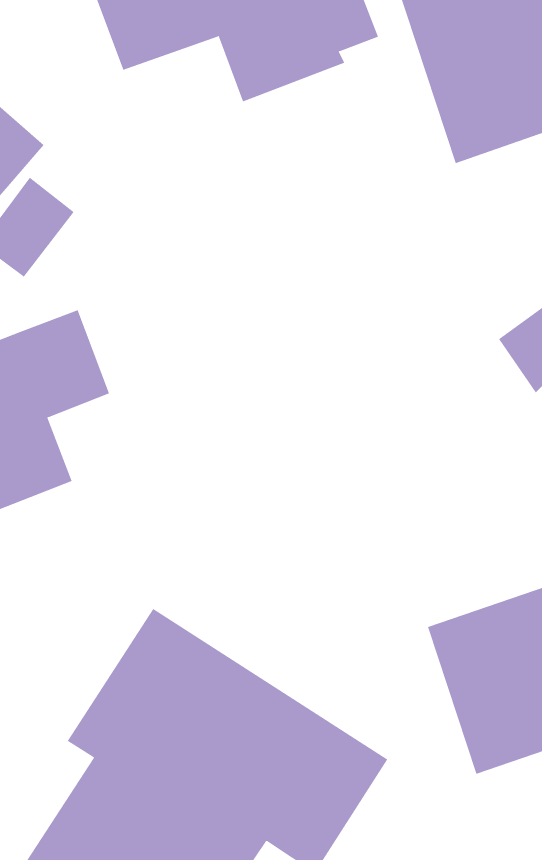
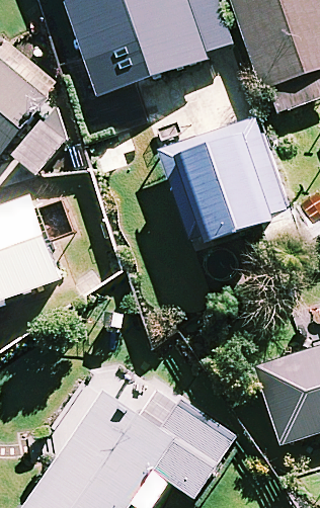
building: none -> [157,117,283,253]

